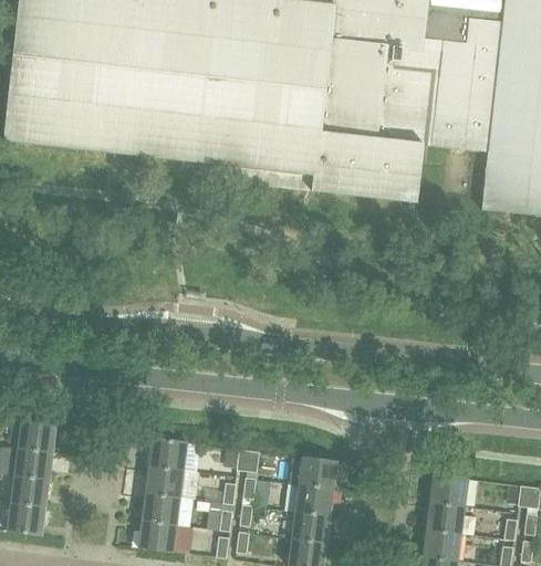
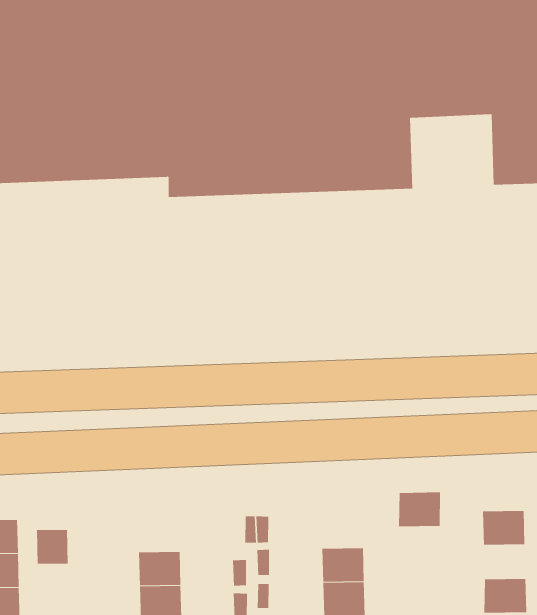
building: none -> [36,529,68,564]
building: [149,437,188,469] -> none
building: [299,455,337,488] -> [398,492,441,527]
building: [427,500,465,532] -> none

